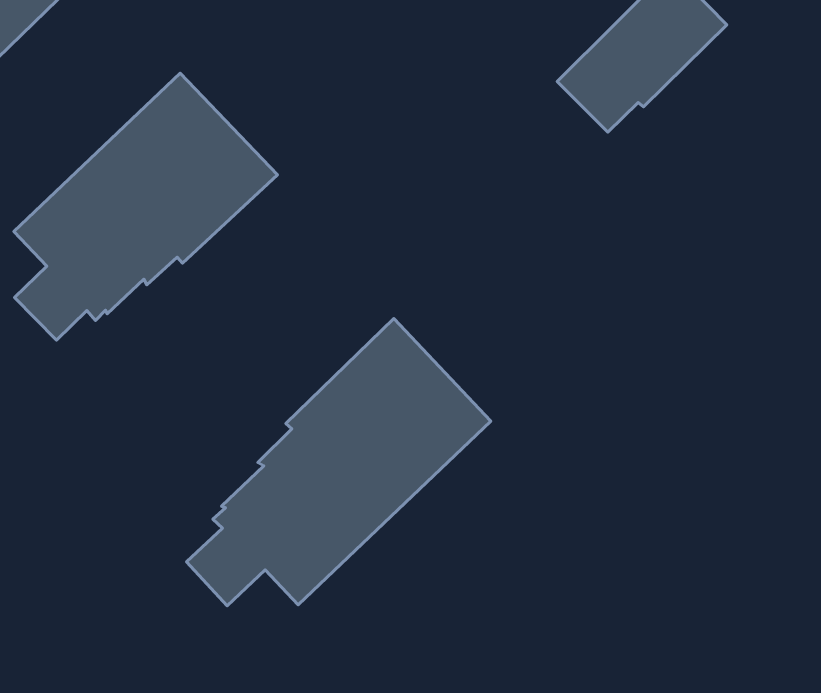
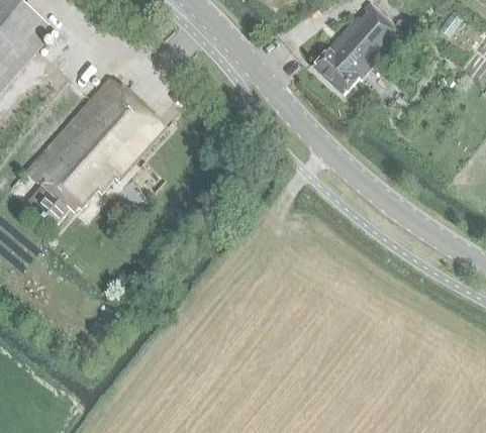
building: [187,319,491,606] -> none

